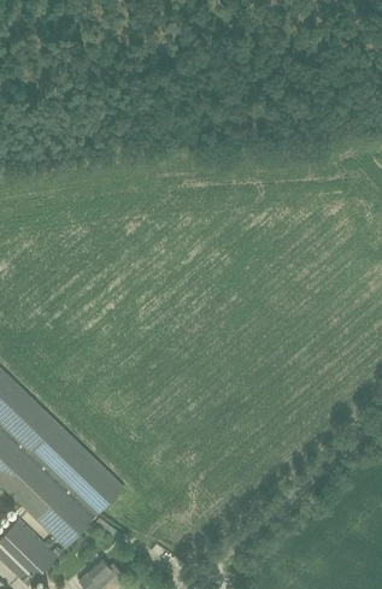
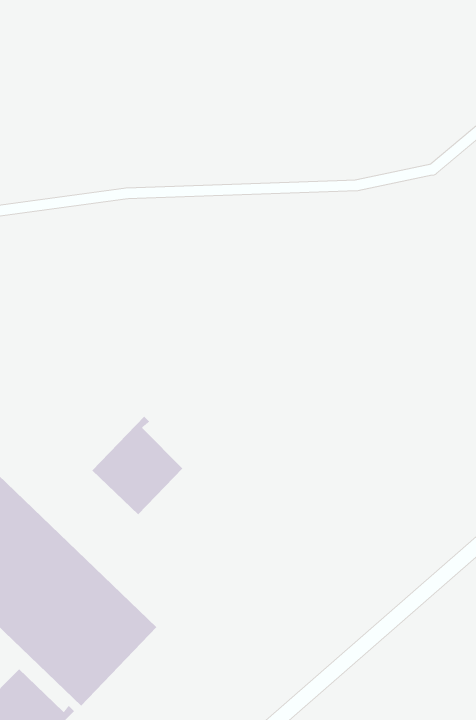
building: none -> [92,416,183,515]

